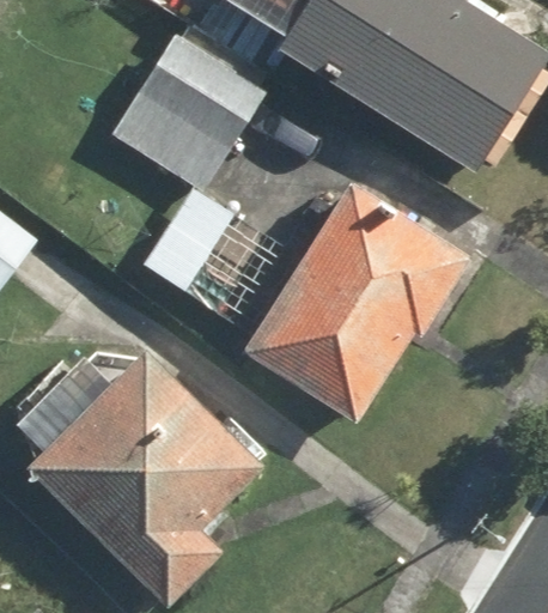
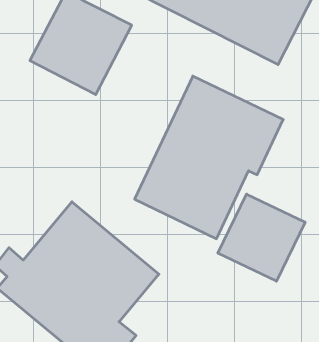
building: [139,188,276,334] -> none
building: none -> [218,194,305,281]

